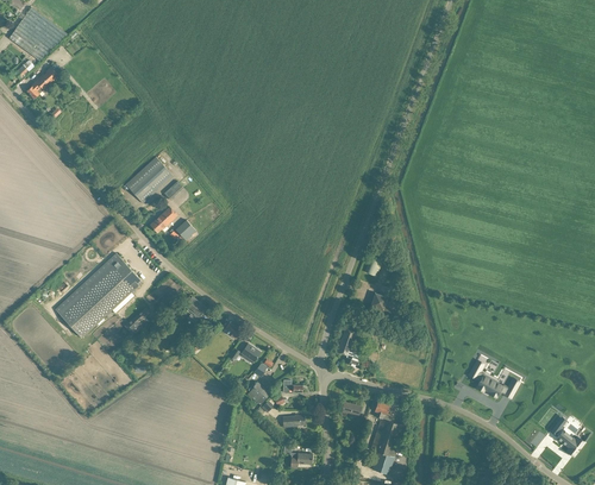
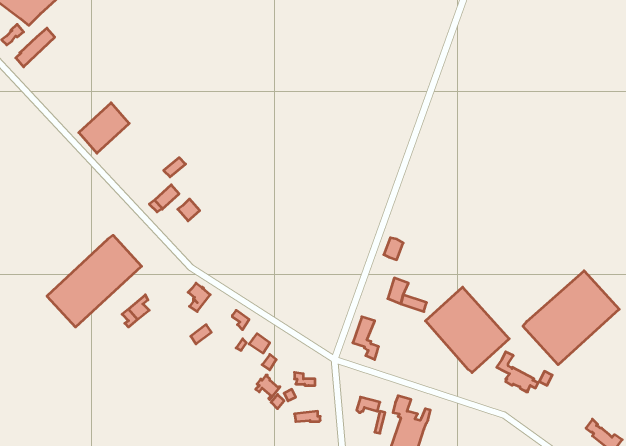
building: [126,157,173,203] -> [79,103,129,153]
building: none -> [523,271,619,365]
building: none -> [425,287,509,373]

